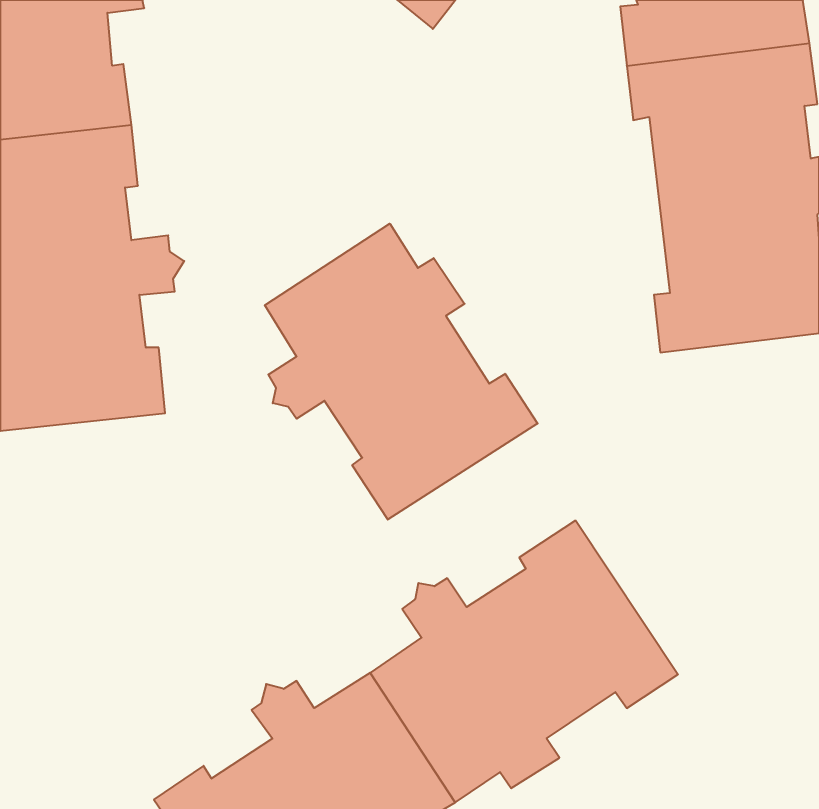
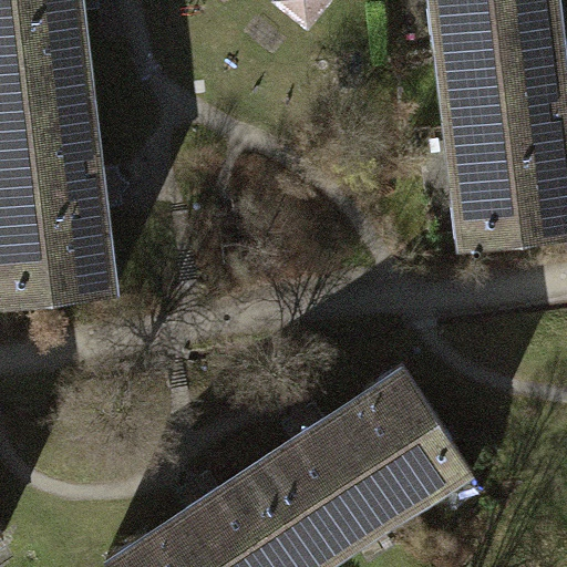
building: [265,224,538,520] -> none

